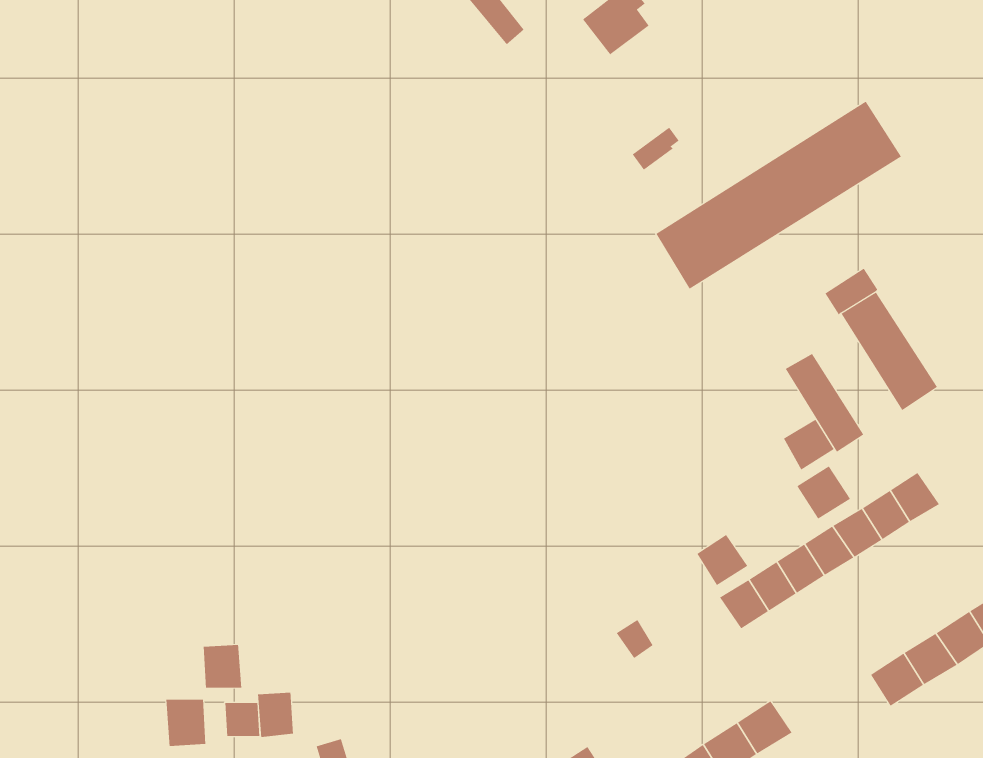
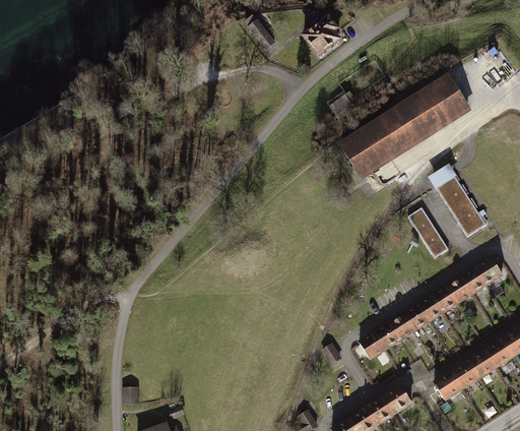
building: [783,419,835,470] -> none
building: none -> [476,258,503,285]
building: [796,465,851,520] -> none
building: [697,534,748,586] -> [360,332,386,359]
building: [203,644,242,688] -> none
building: none -> [435,372,462,399]
building: [257,692,293,738] -> none
building: [166,699,206,747] -> none

